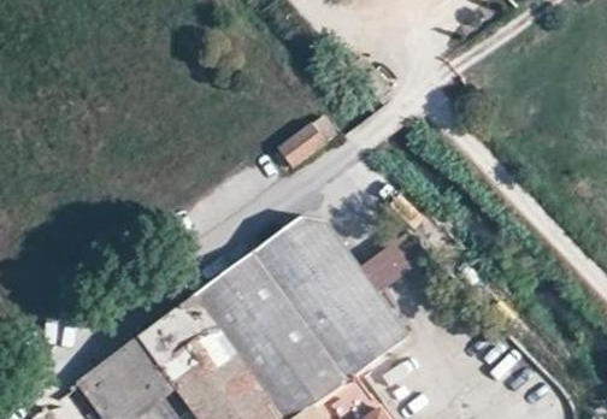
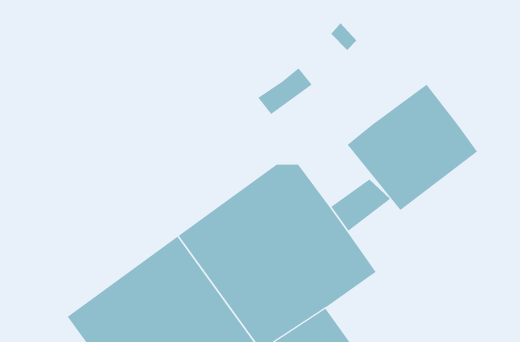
building: none -> [347,84,478,211]

